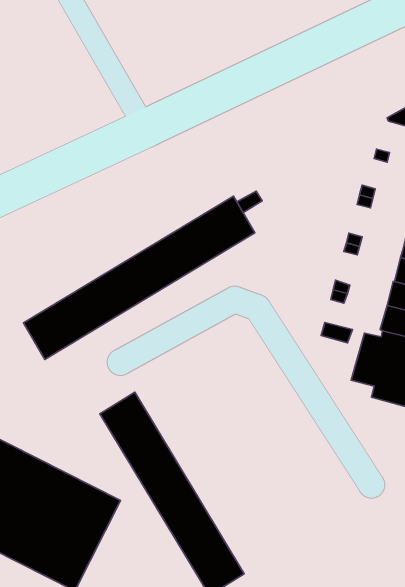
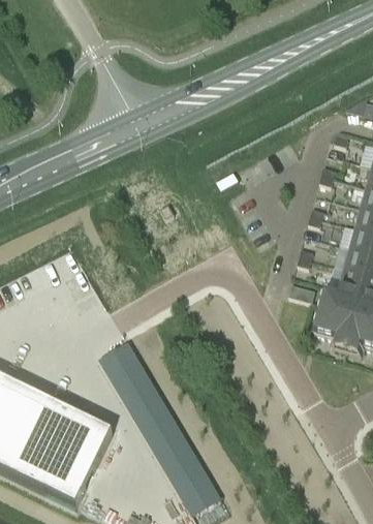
building: [23,196,255,360] -> none

